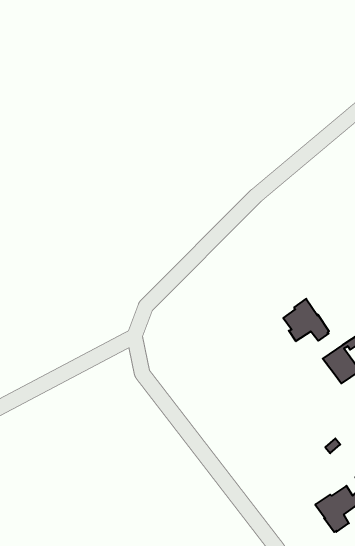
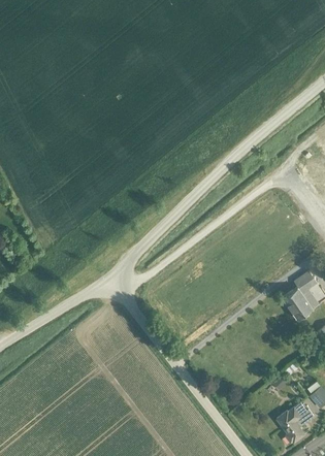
building: [283,299,329,341] -> none

